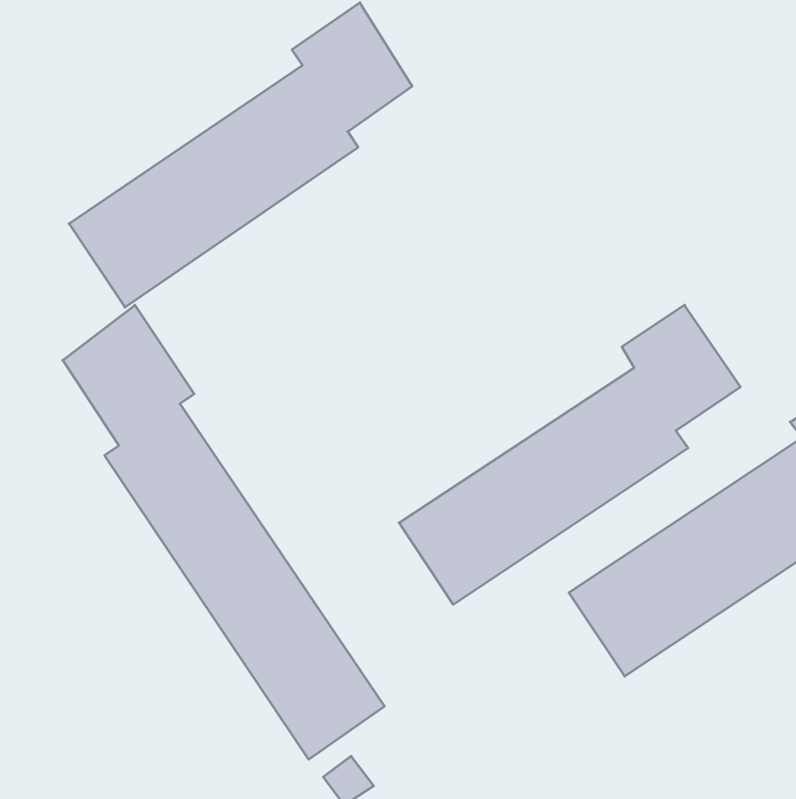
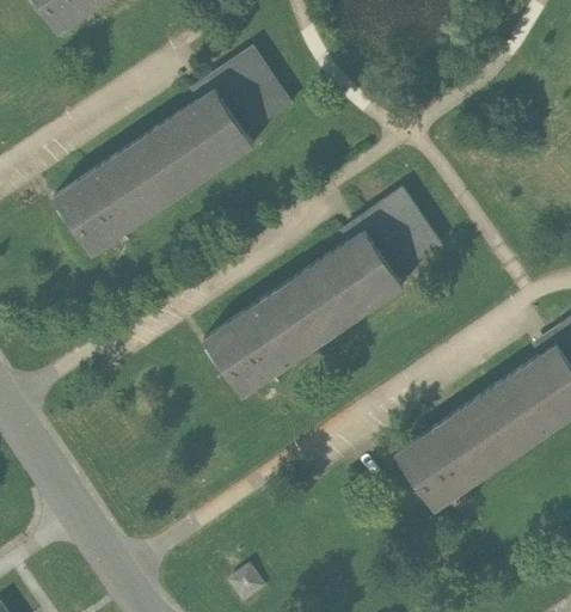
building: [63,305,384,759] -> none
building: [399,305,740,604] -> [205,189,440,394]

